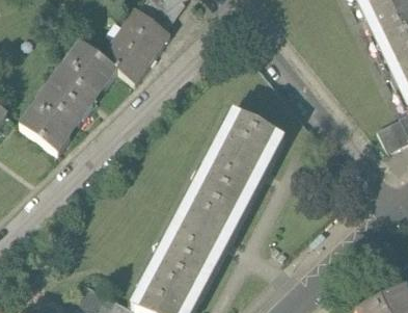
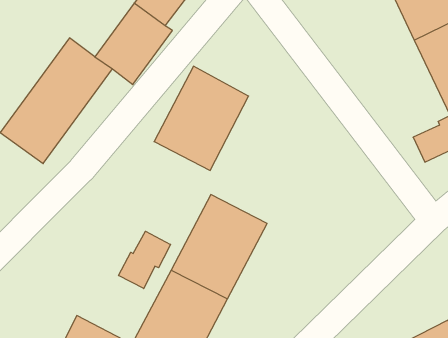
building: [201,110,283,201] -> [154,66,249,170]
building: none -> [119,231,171,289]

